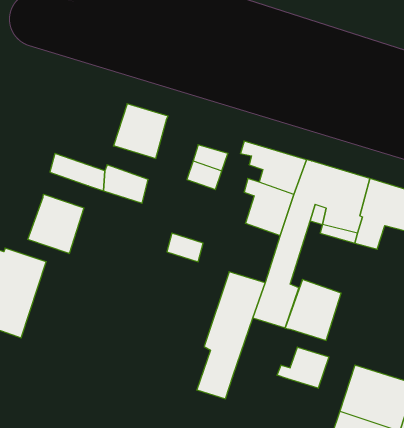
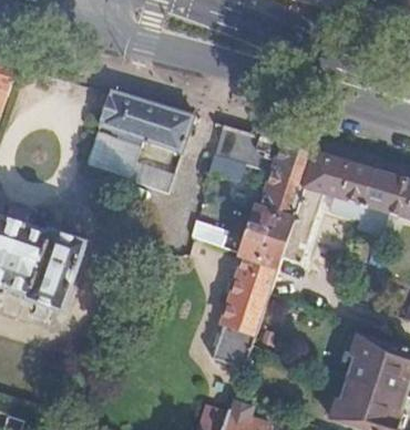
building: none -> [101,89,155,140]
building: [28,194,84,254] -> none
building: [285,279,341,340] -> [242,207,291,262]
building: [277,347,329,388] -> none

